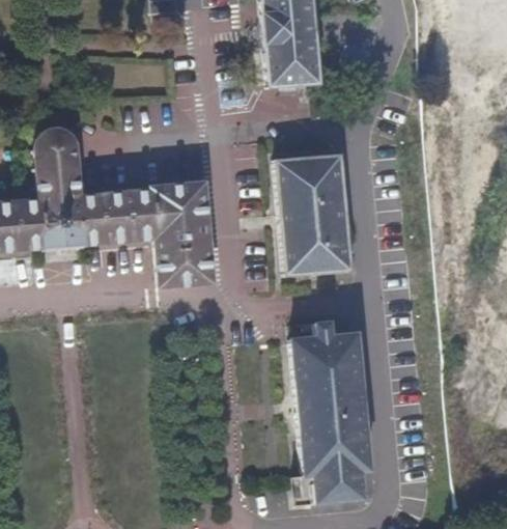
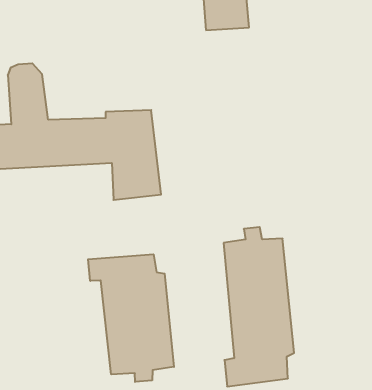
building: [274,151,353,275] -> none
building: none -> [88,254,174,382]

